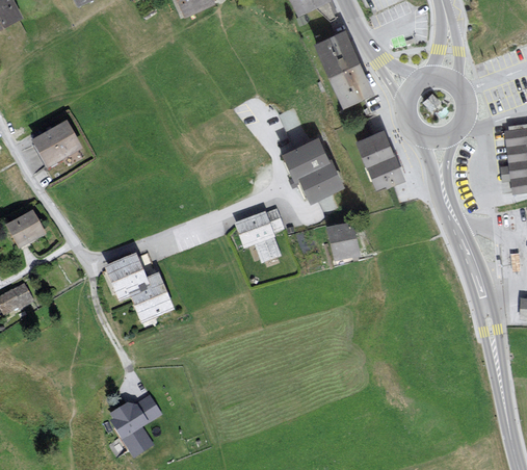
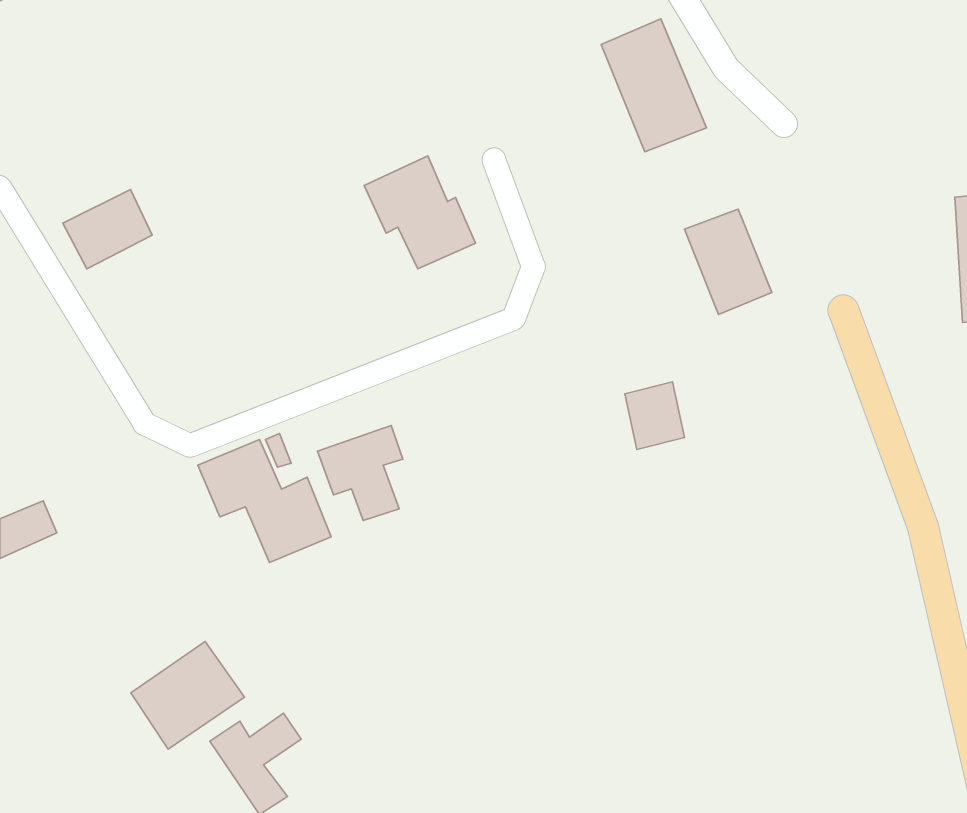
building: [284,139,342,199] -> [364,156,475,269]
building: [237,209,282,259] -> [318,425,403,521]
building: [8,210,46,243] -> none
building: none -> [131,641,245,749]

